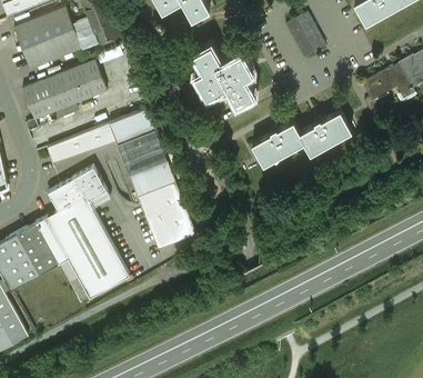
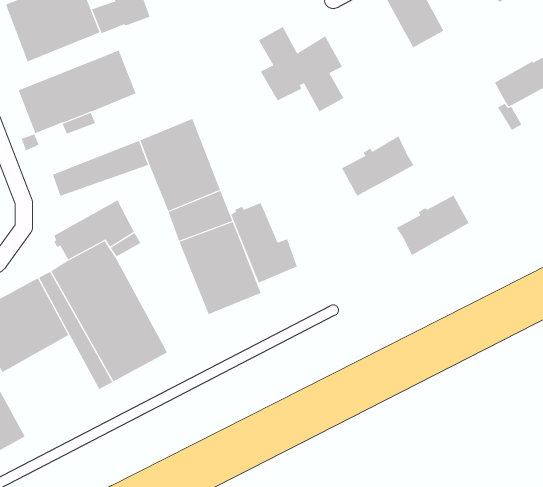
building: [298,110,350,153] -> [396,195,469,256]
building: none -> [231,202,297,284]

